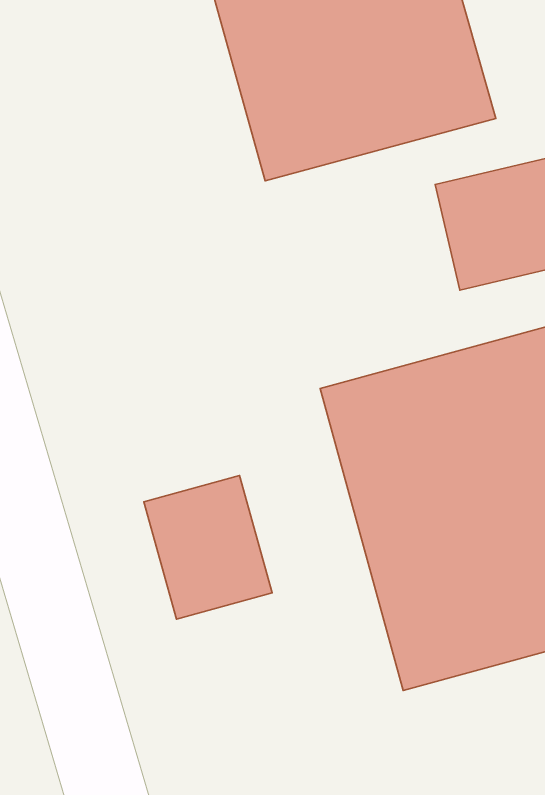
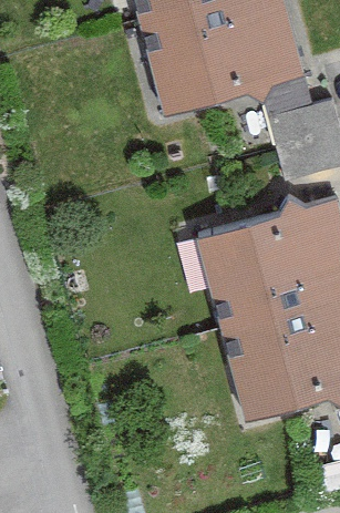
building: [144,476,272,619] -> none

